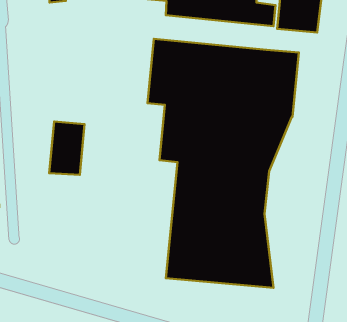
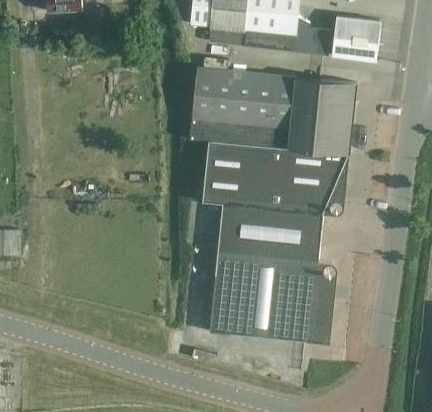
building: [49,122,85,175] -> none

